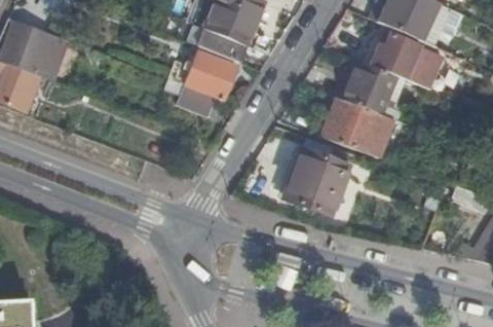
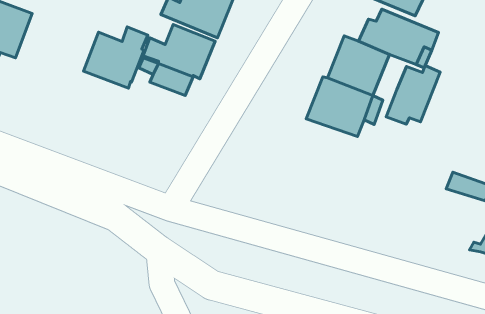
building: none -> [84,27,148,88]
building: none -> [386,66,440,124]
building: [286,147,350,214] -> none

